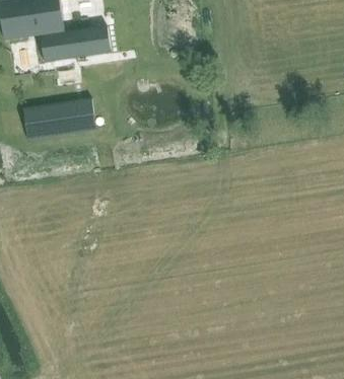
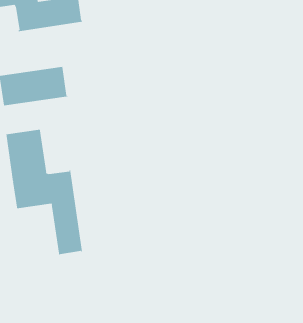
building: none -> [6,129,83,256]

